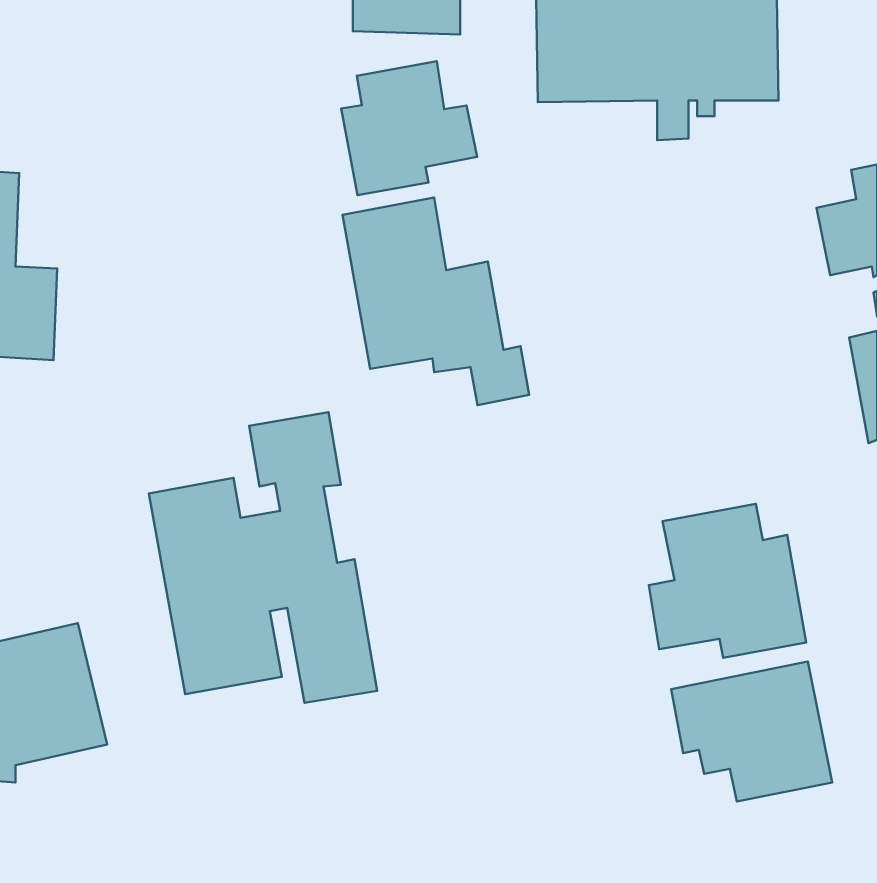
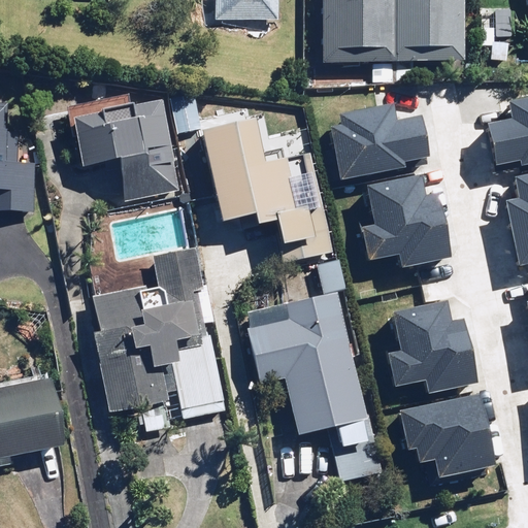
building: [341,61,477,195] -> none
building: none -> [66,93,179,202]
building: none -> [322,101,433,183]
building: none -> [362,176,451,265]
building: none -> [246,293,381,483]

